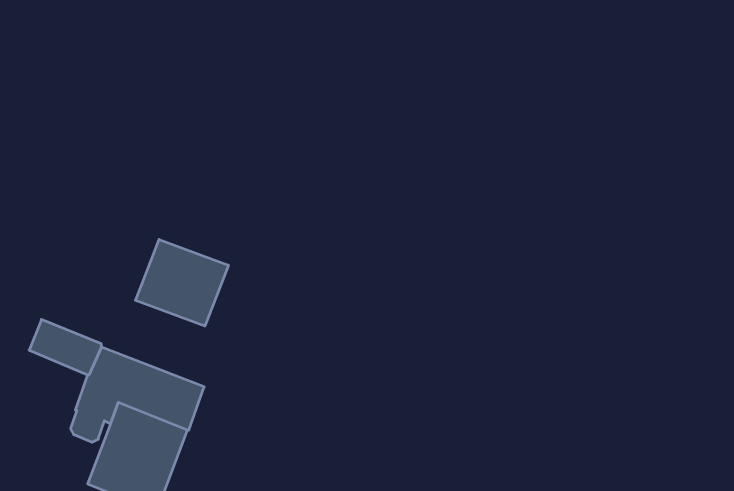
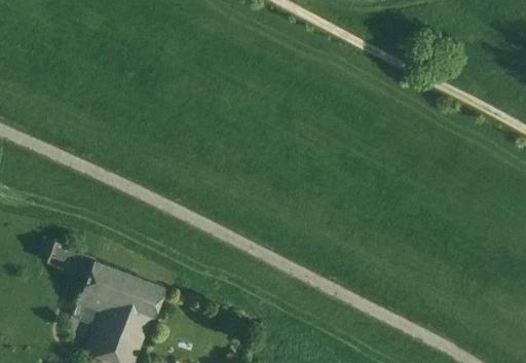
building: [135,239,228,326] -> none

